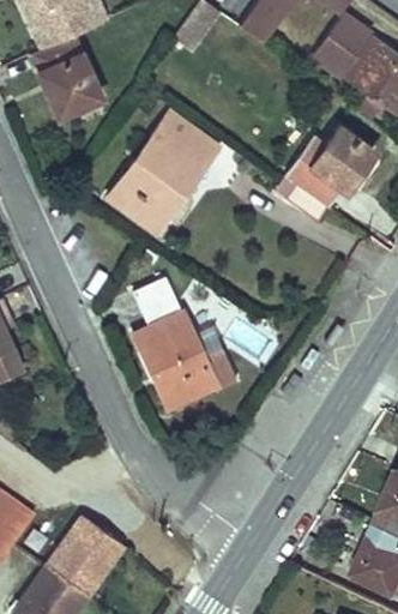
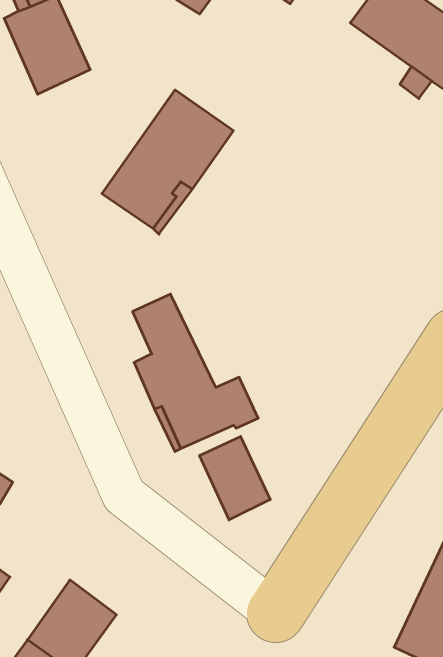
building: [285,127,374,206] -> none
building: none -> [200,436,270,520]

